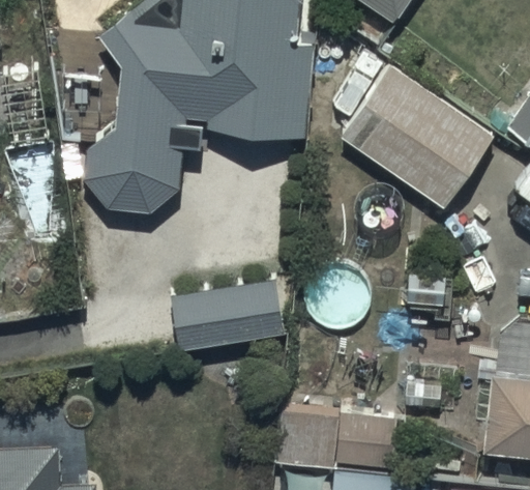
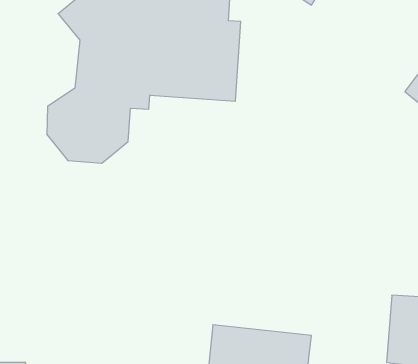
building: [343,65,496,208] -> none
building: [171,278,284,350] -> none

